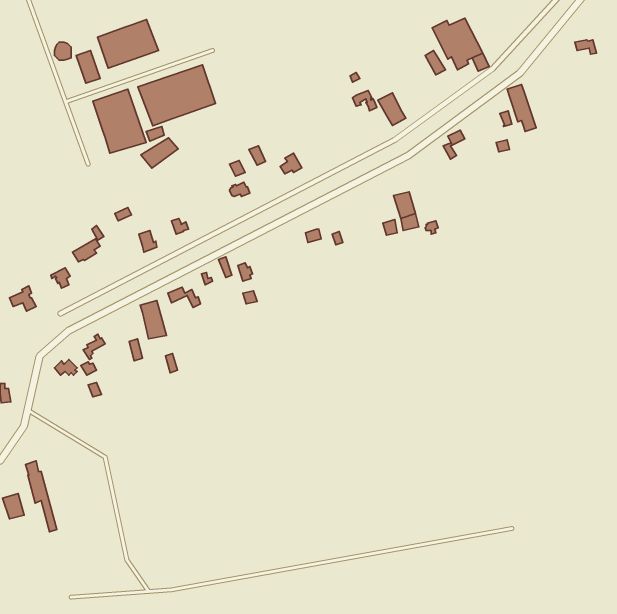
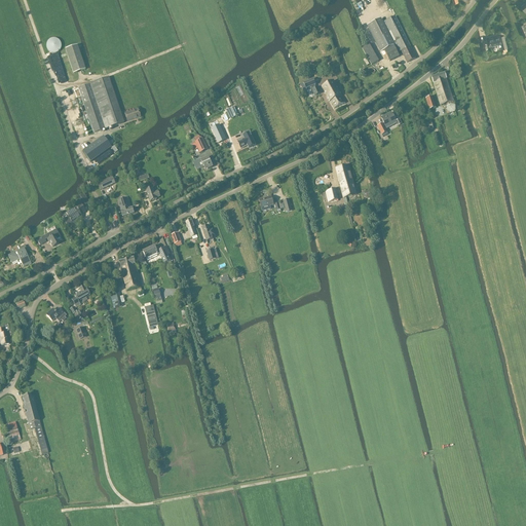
building: [98,19,159,68] -> none
building: [138,65,216,126] -> none
building: [141,138,178,168] -> [79,134,111,159]

